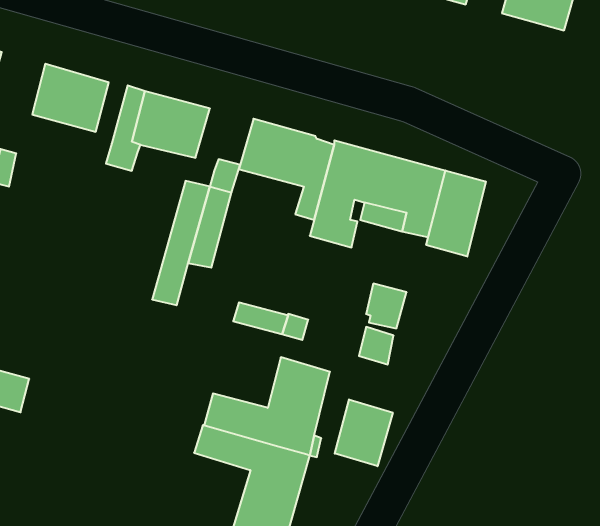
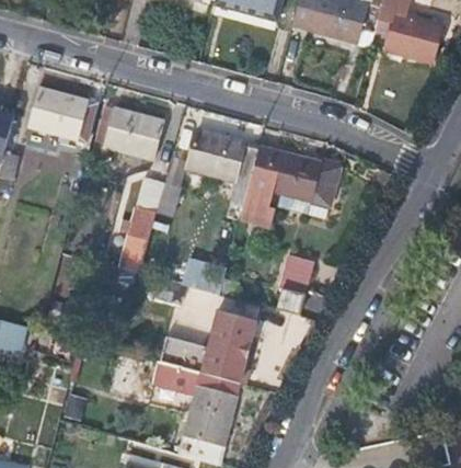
building: [426,170,486,257] -> none
building: [335,399,393,466] -> none

